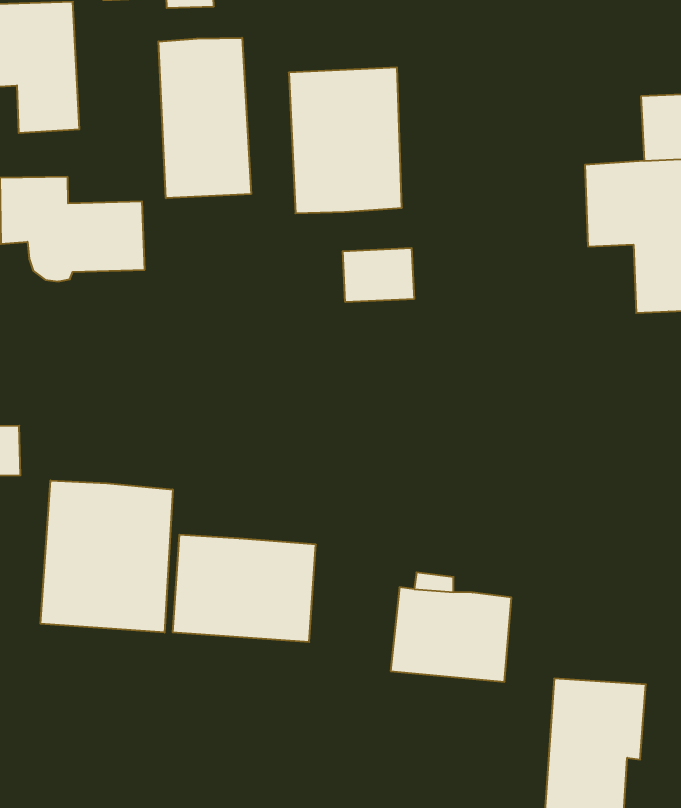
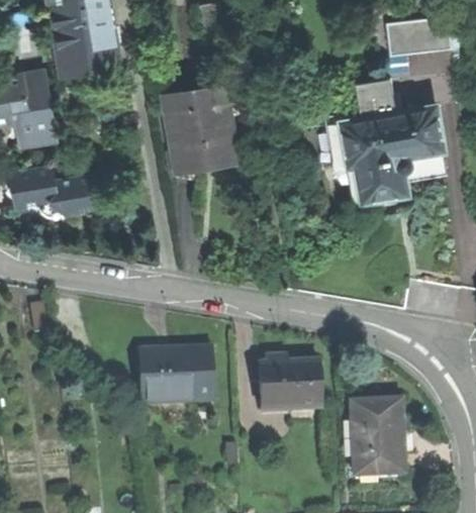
building: [158,38,251,198] -> none
building: [343,248,414,302] -> none
building: [40,480,173,633] -> none

